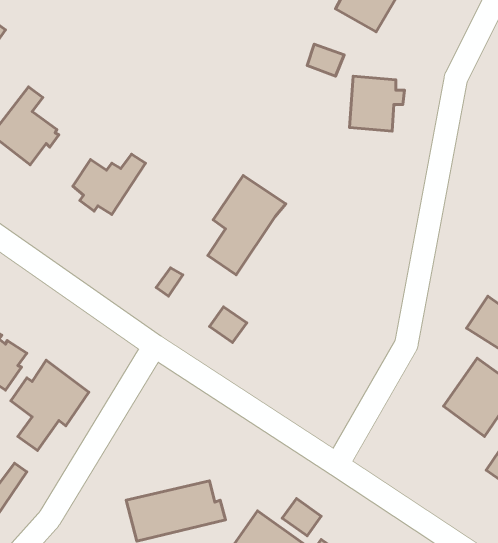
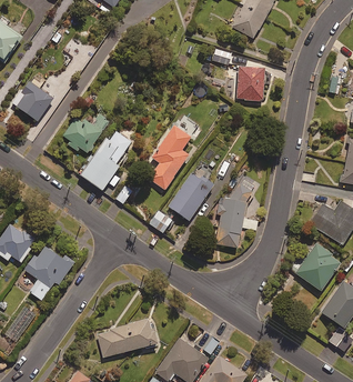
building: none -> [81,130,131,190]
building: none -> [168,174,214,220]
building: none -> [214,181,259,247]

